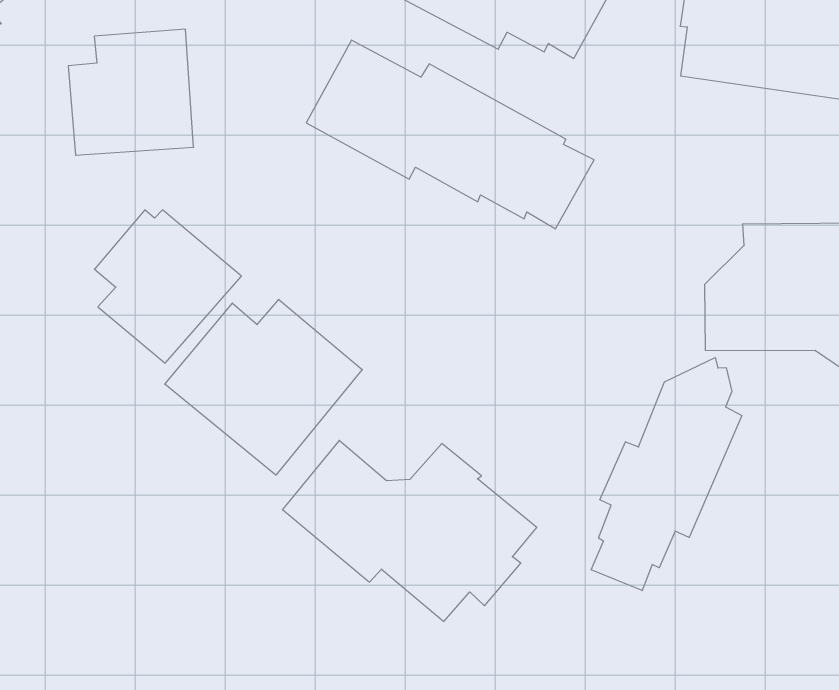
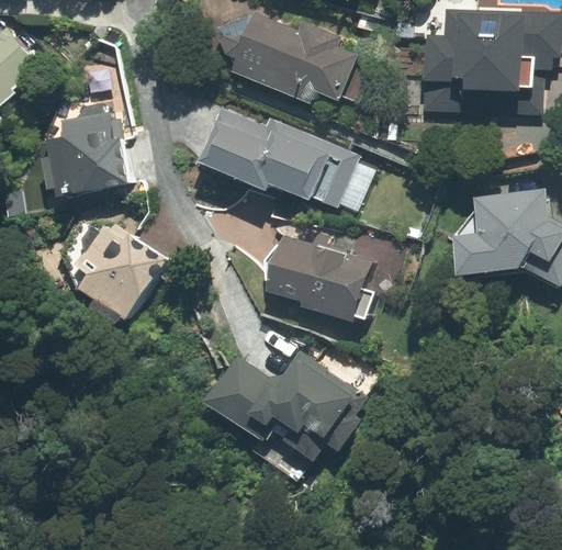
building: none -> [263,234,372,322]
building: [165,299,362,475] -> none
building: [591,358,742,591] -> none

